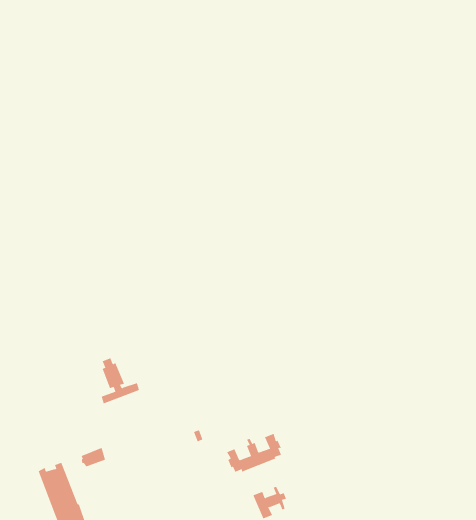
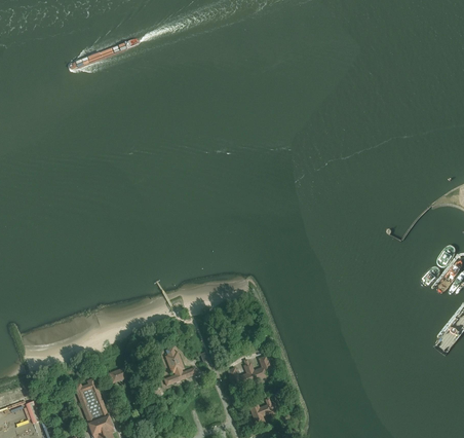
building: [101,357,140,404] -> [163,346,195,385]

